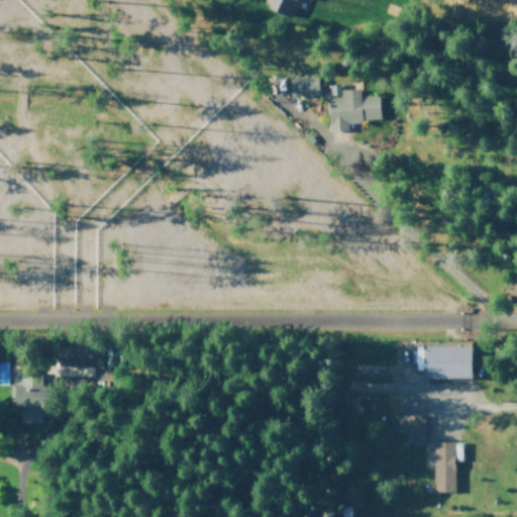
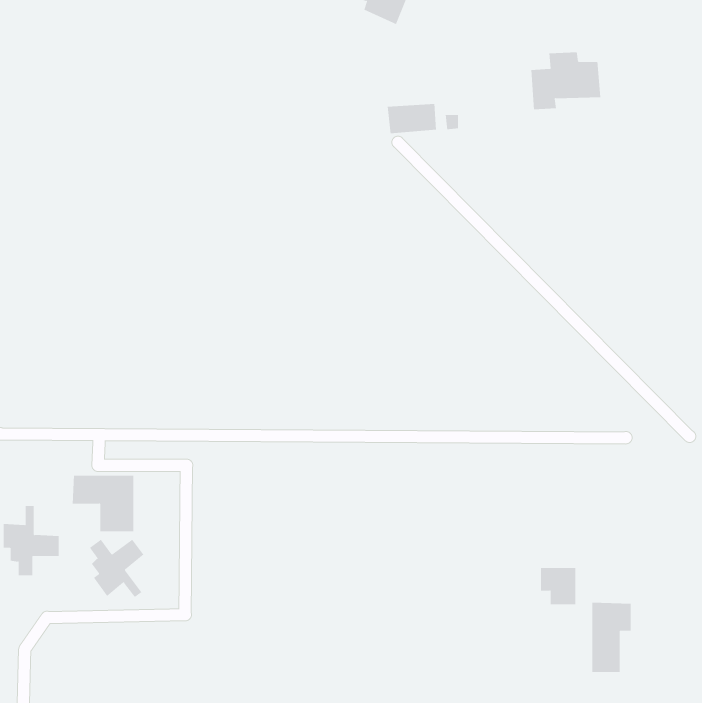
building: [329,88,381,130] -> [531,52,601,110]
building: [417,344,476,377] -> none
building: none -> [89,539,144,598]

